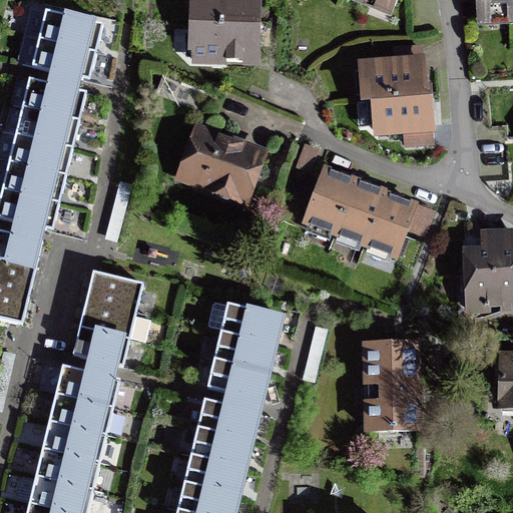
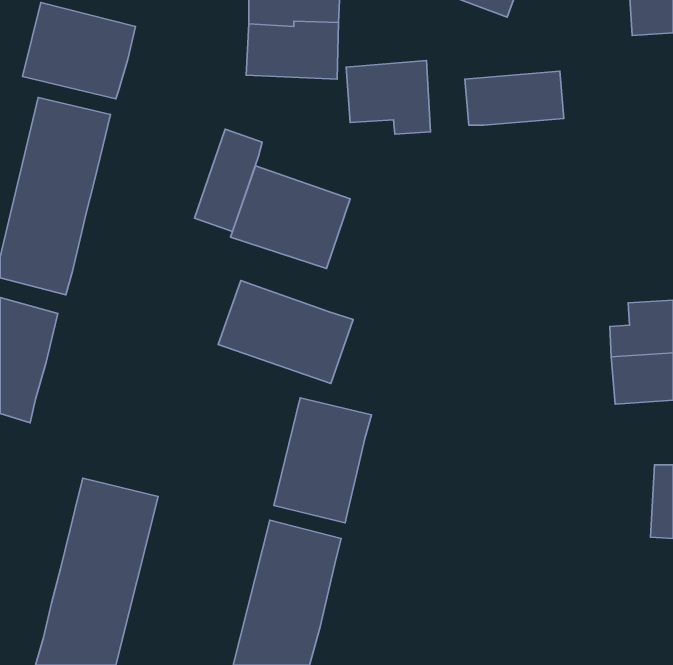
building: [368,90,432,146] -> [346,61,430,134]
building: none -> [194,129,262,232]
building: [302,164,418,253] -> none
building: none -> [218,280,353,383]
building: [74,270,151,362] -> none
building: [360,344,420,434] -> none

